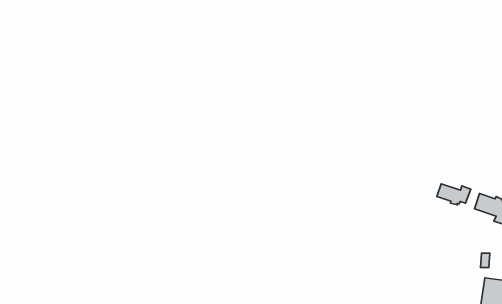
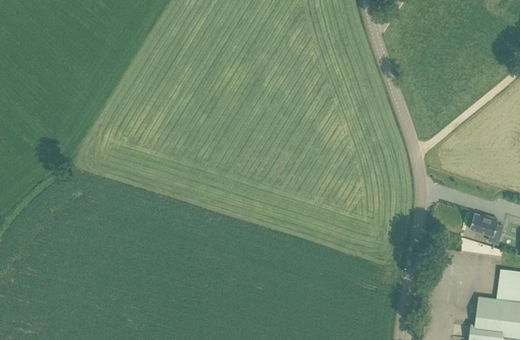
building: [437,184,471,205] -> none

